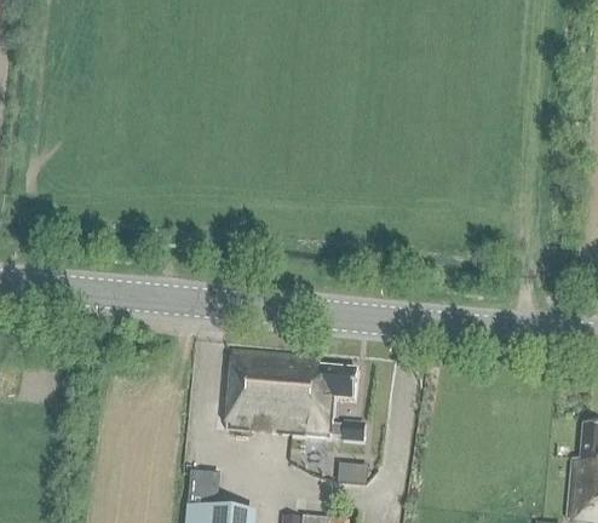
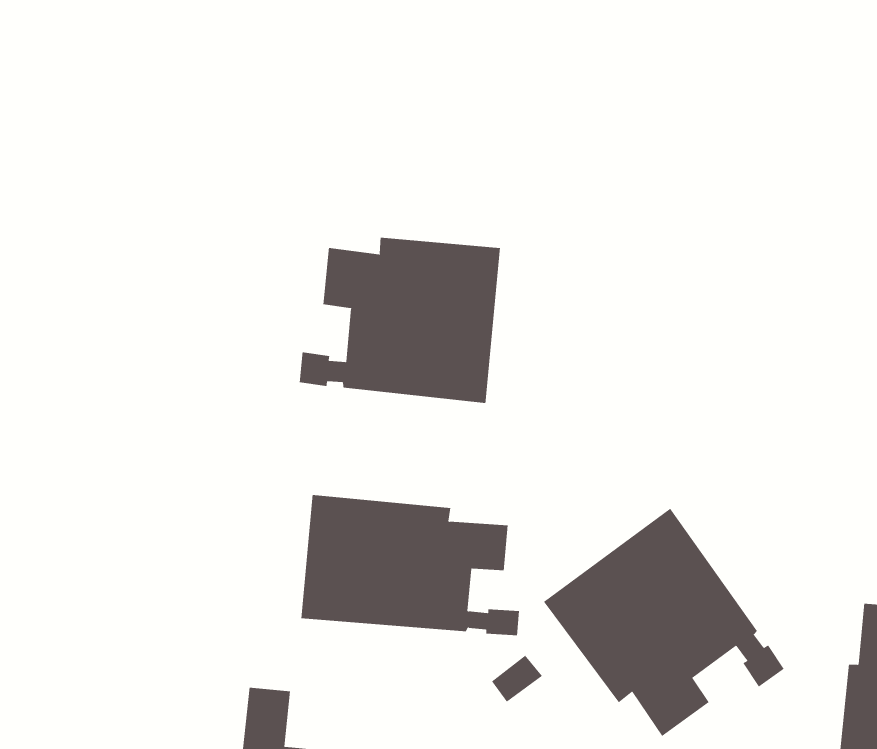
building: none -> [299,237,500,404]
building: none -> [543,508,784,737]

